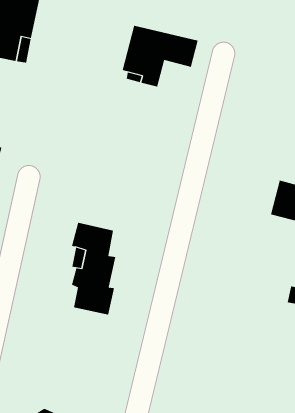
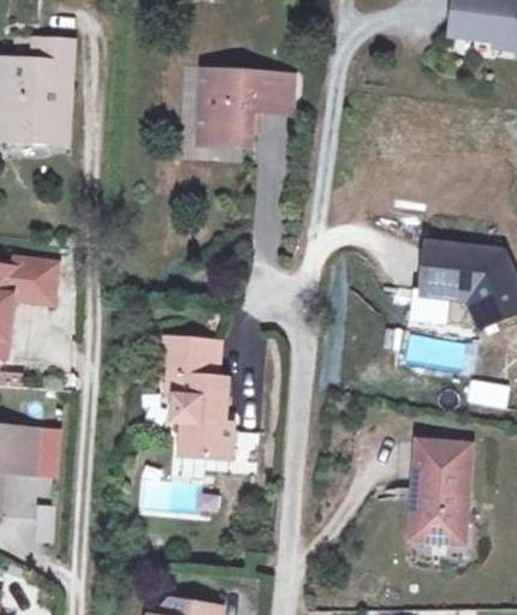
building: none -> [412,441,470,544]

